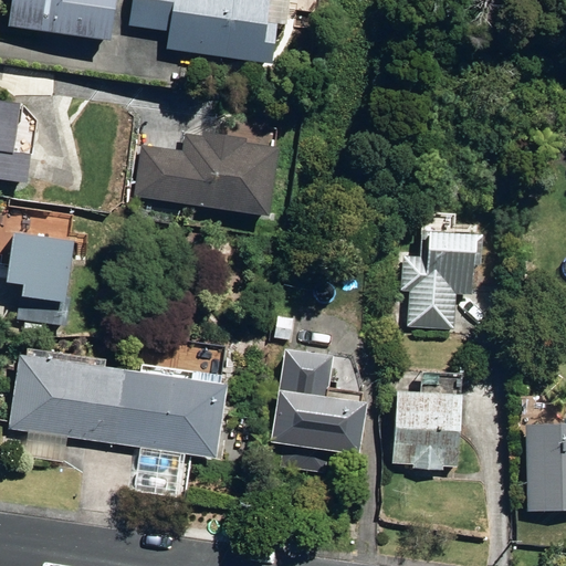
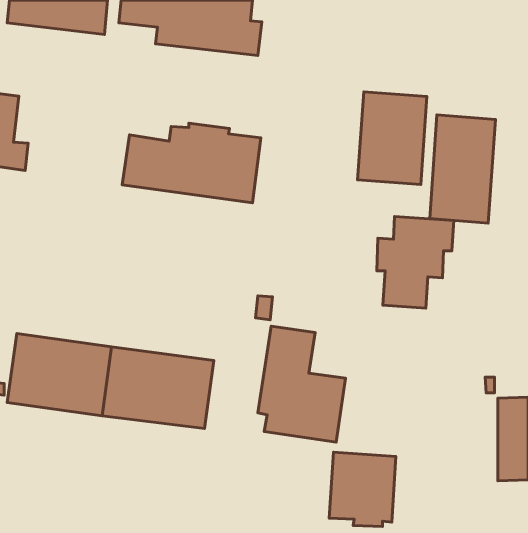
building: none -> [358,92,427,185]
building: none -> [430,115,495,223]
building: [10,230,75,325] -> none
building: [391,390,462,469] -> [329,452,396,526]

